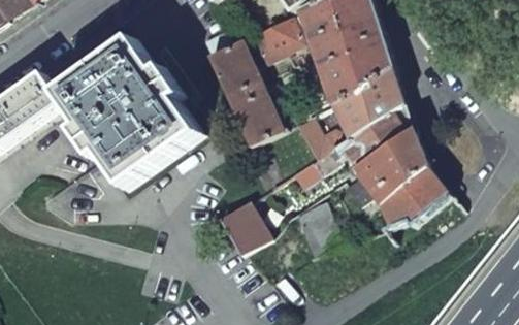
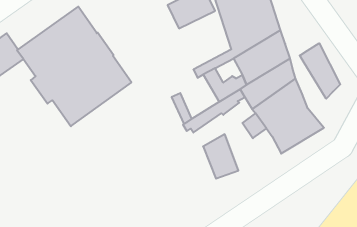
building: [209,39,282,147] -> none
building: none -> [300,43,340,99]
building: [220,200,270,254] -> none

